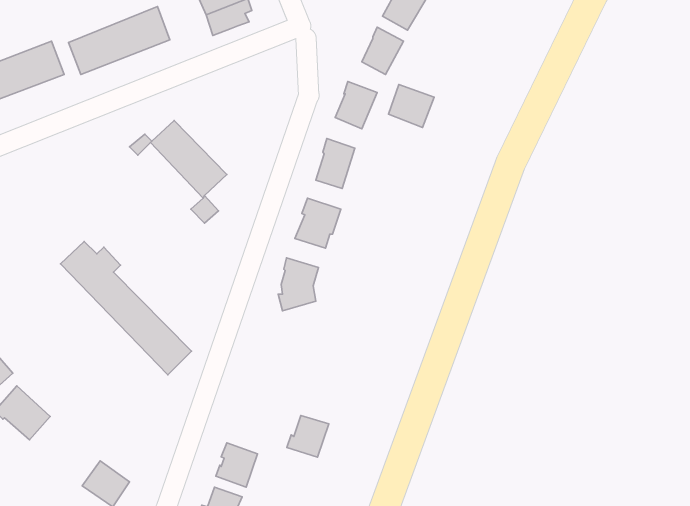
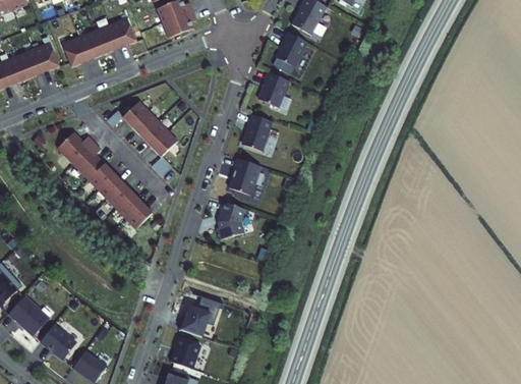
building: [388,84,434,128] -> none
building: [61,241,191,375] -> [57,132,153,230]
building: [287,416,329,457] -> [179,307,210,337]
building: none -> [40,325,76,359]

